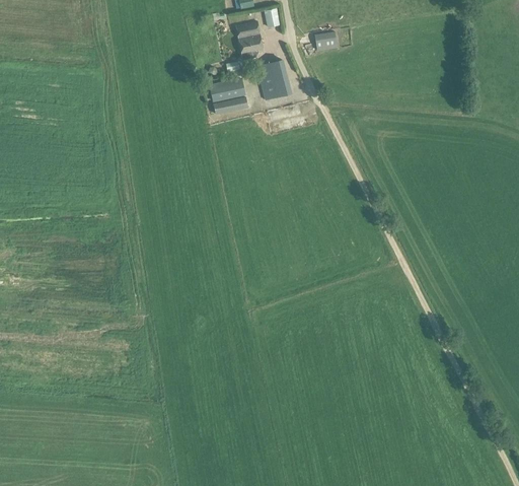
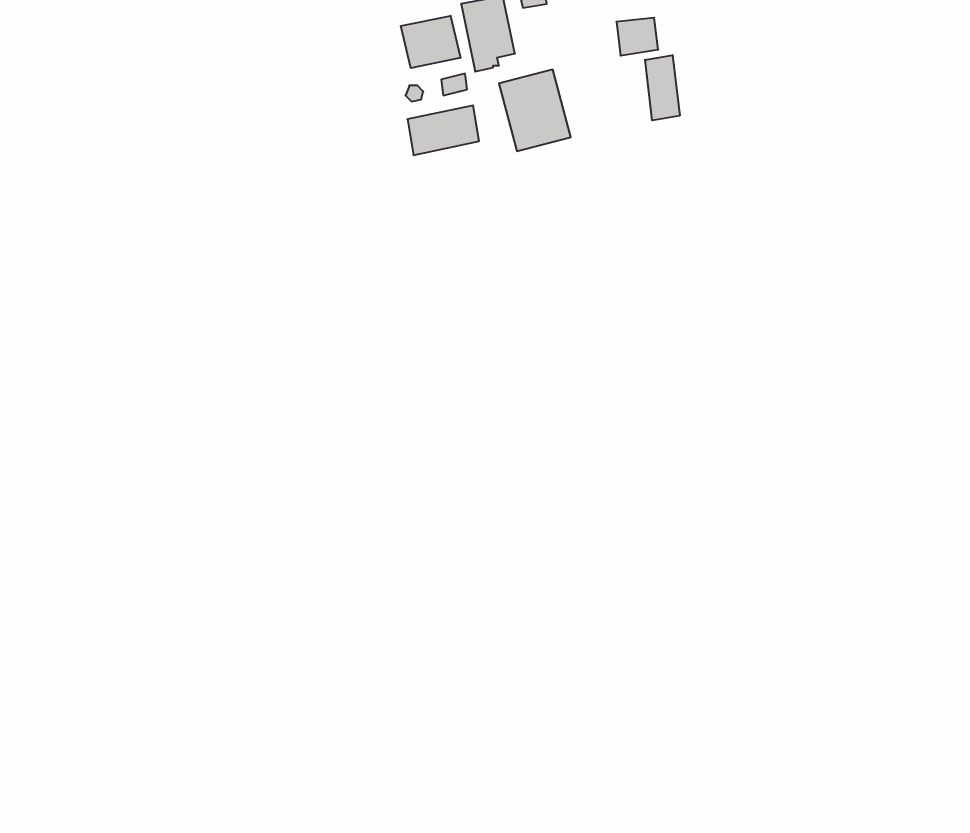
building: none -> [401,16,460,68]
building: none -> [645,55,680,120]

